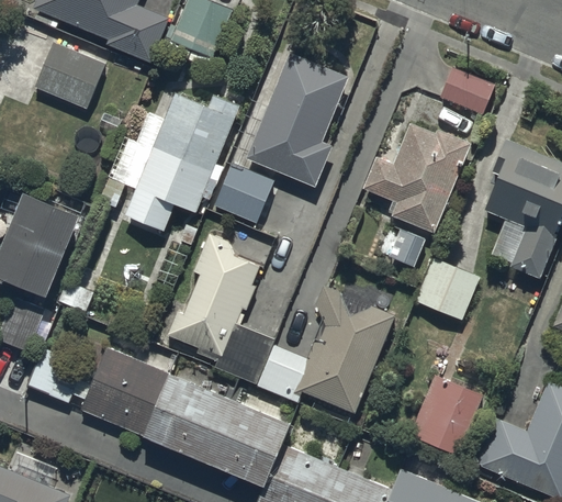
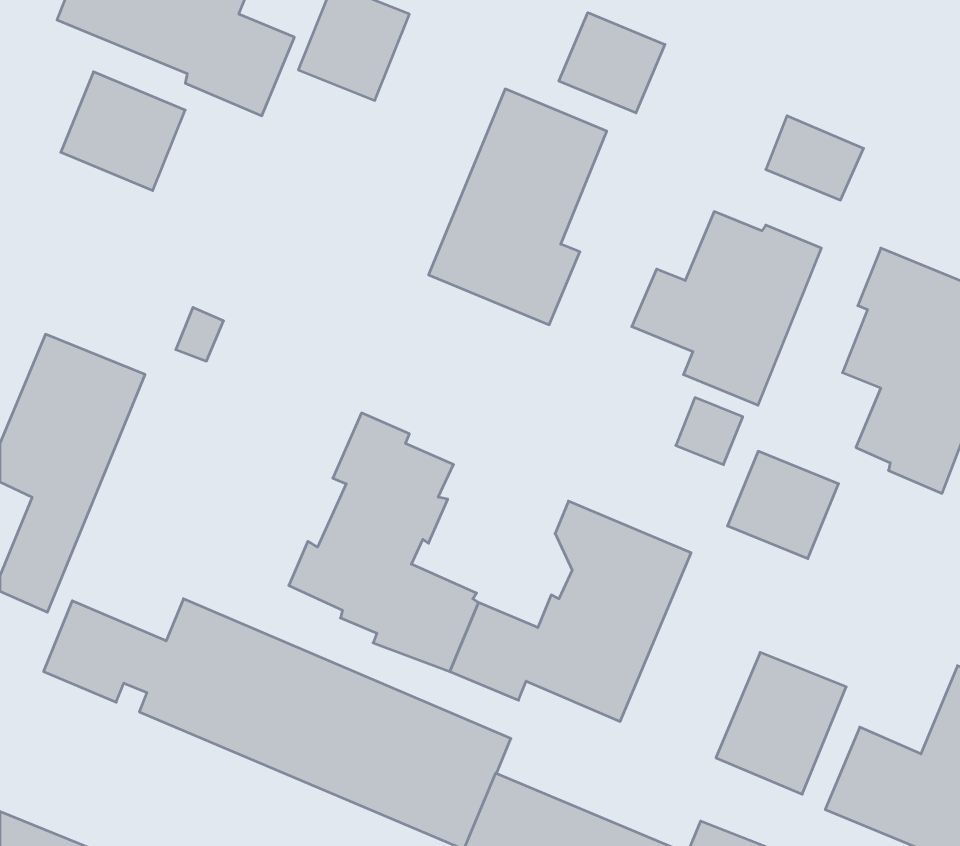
building: none -> [559,13,665,113]
building: [124,96,239,233] -> none
building: [212,165,273,226] -> none

